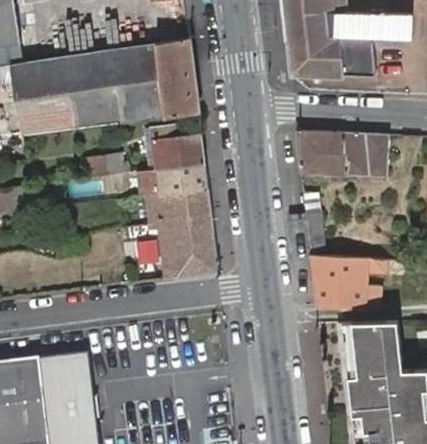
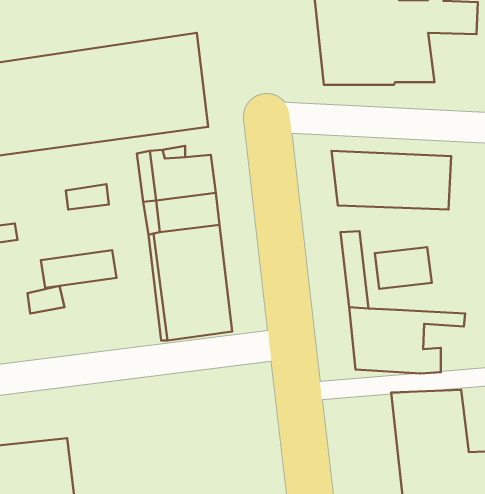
building: none -> [375,247,432,289]
building: none -> [41,250,116,288]

